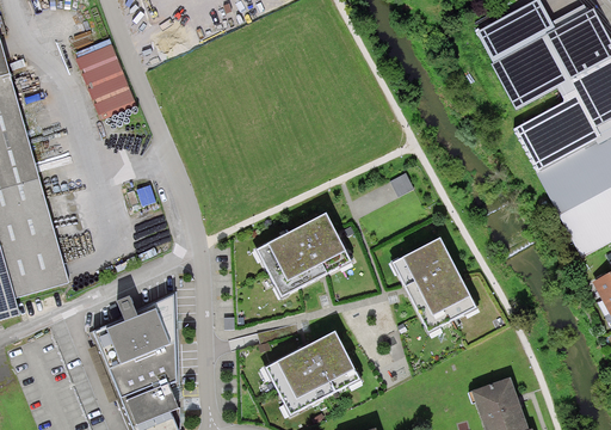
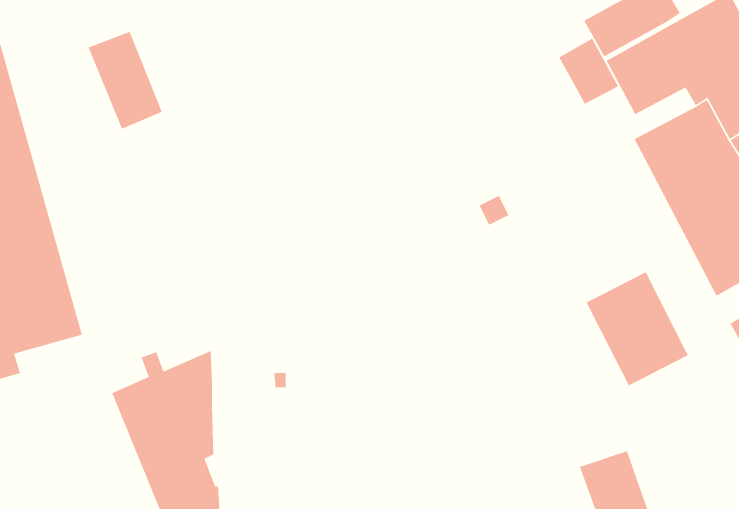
building: none -> [558,37,619,105]
building: [255,213,351,296] -> none
building: [393,239,476,332] -> [586,271,689,386]
building: [265,332,359,416] -> none

